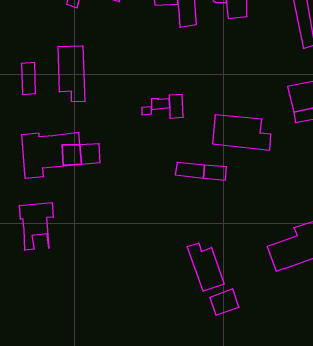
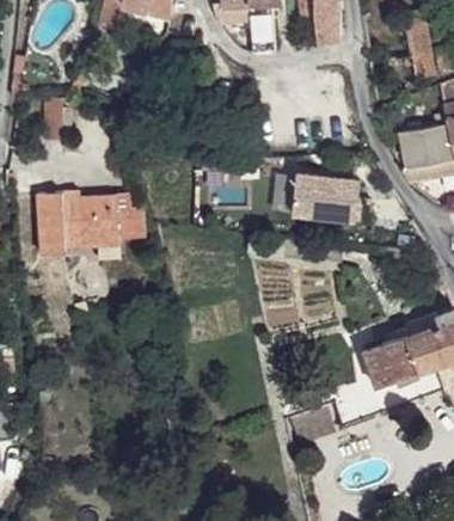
building: [58,46,85,102] -> none
building: [19,203,53,250] -> none
building: [187,243,224,291] -> none

